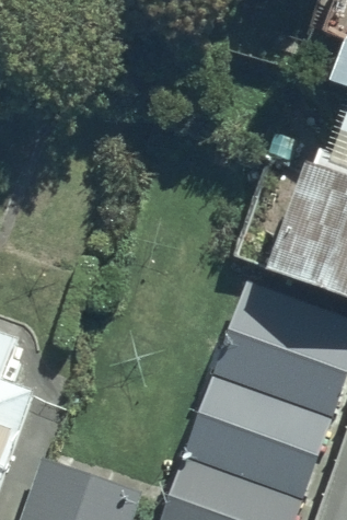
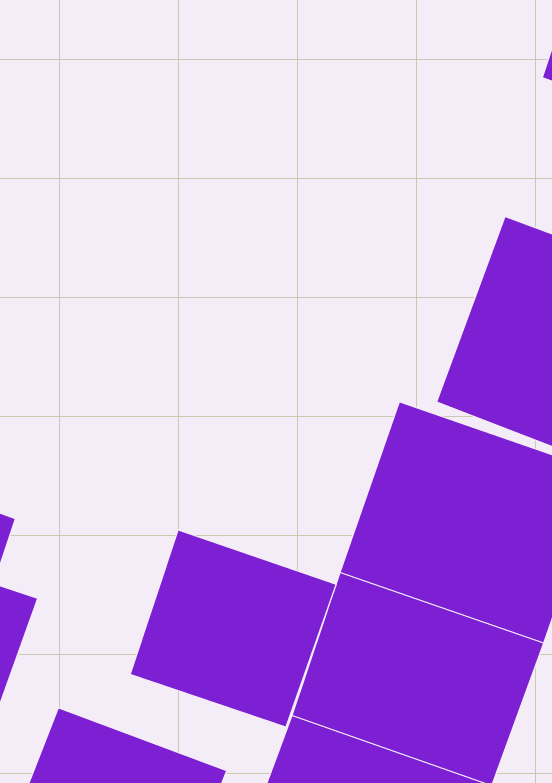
building: none -> [130,530,336,727]

